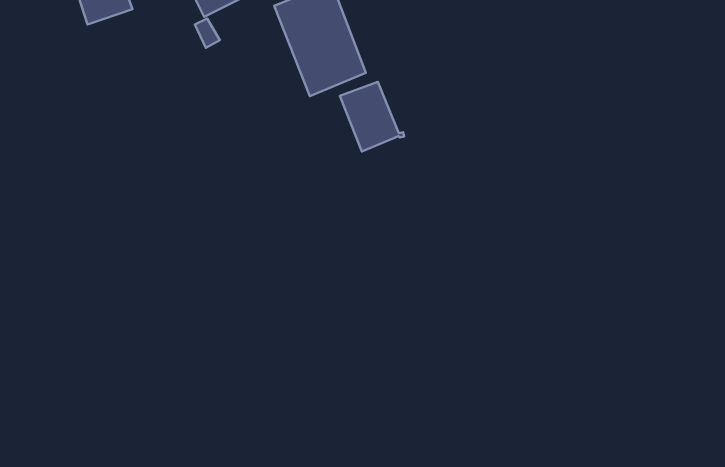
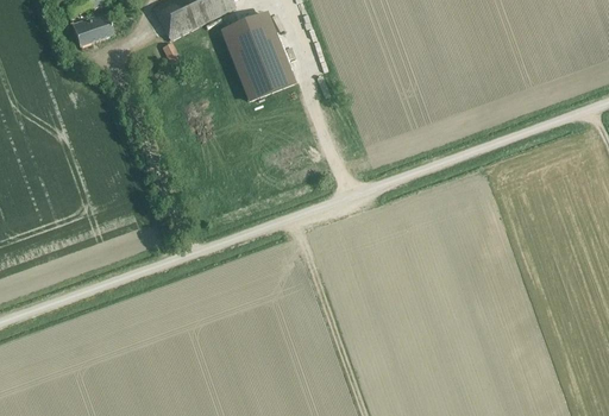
building: [340,82,404,152] -> none

